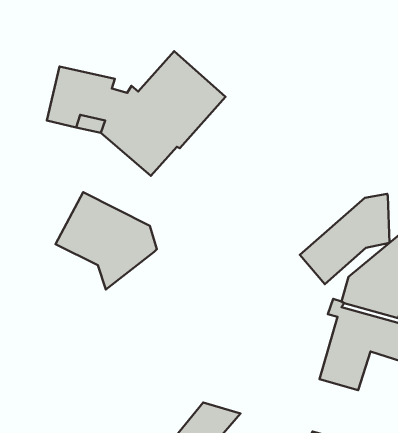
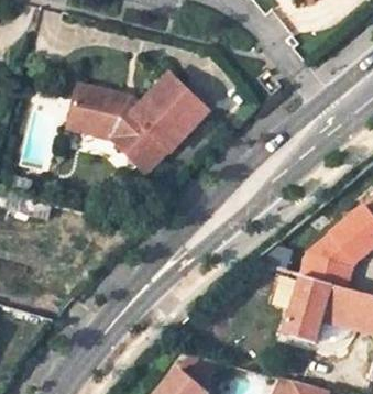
building: [55,192,157,290] -> none
building: [300,194,390,284] -> none

